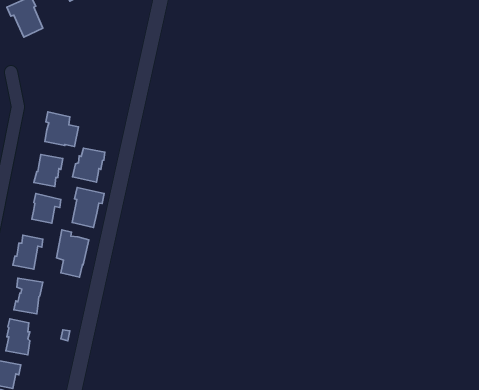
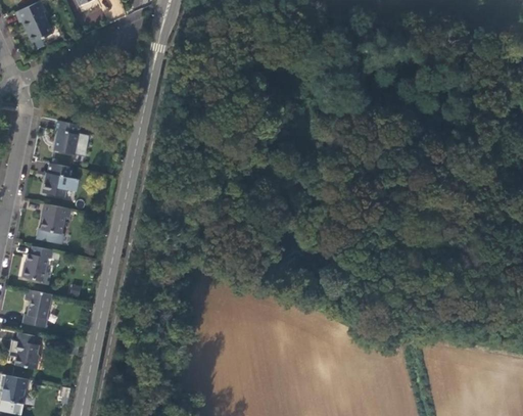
building: [72,148,105,182] -> none
building: [72,188,104,227] -> none
building: [56,230,89,277] -> none

